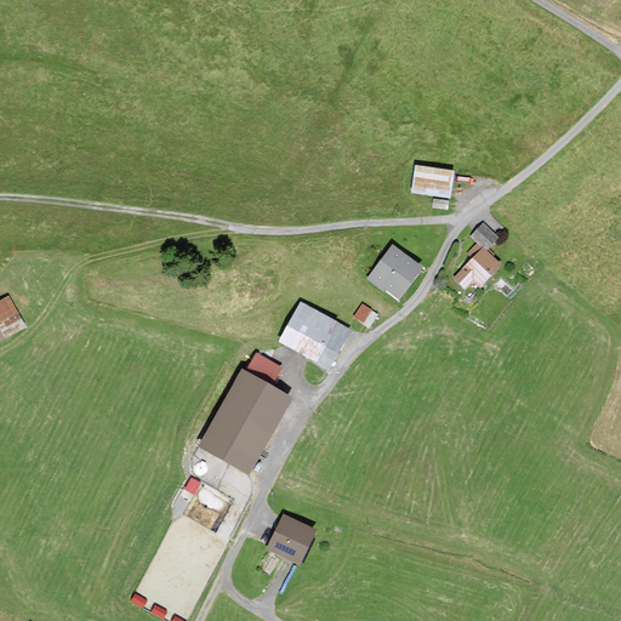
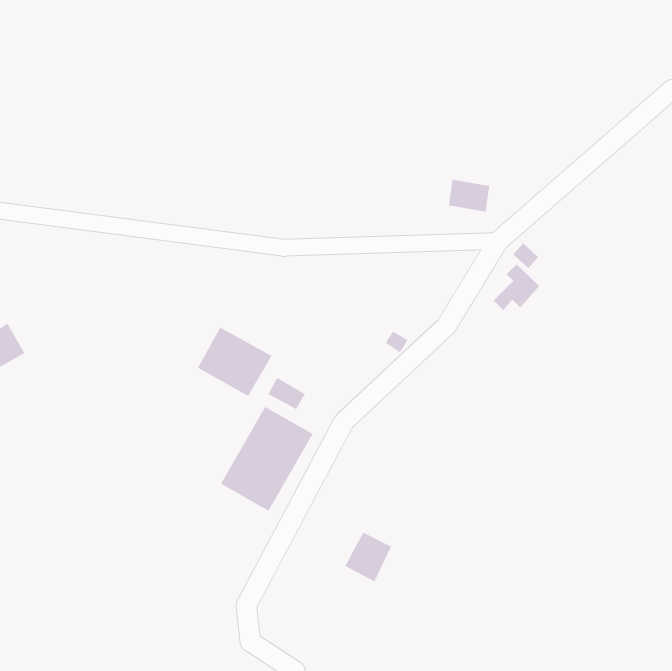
building: [368,246,418,295] -> none
building: [279,303,348,368] -> [197,327,272,397]
building: [268,515,312,562] -> [345,532,392,582]

